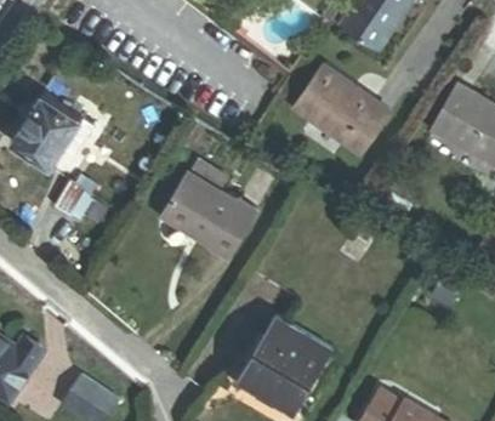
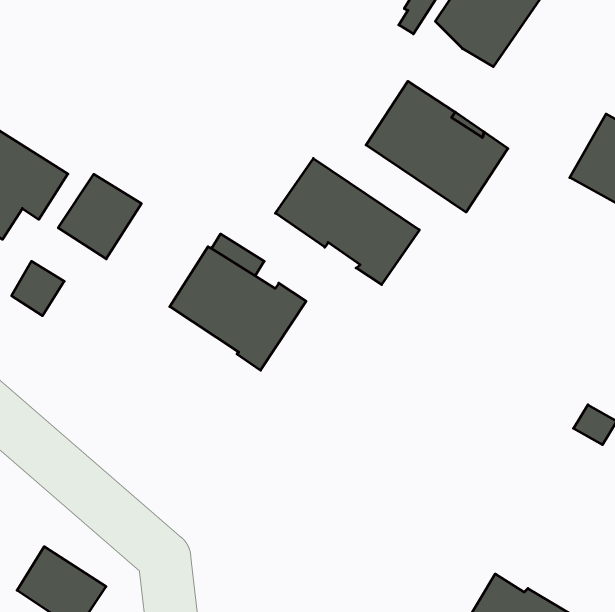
building: none -> [275,158,419,285]
building: none -> [58,174,141,259]
building: [239,315,332,411] -> none

